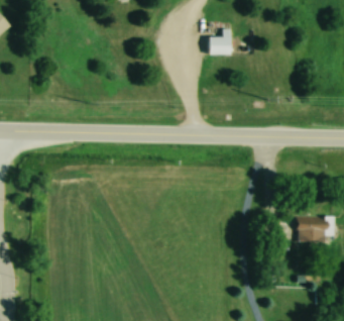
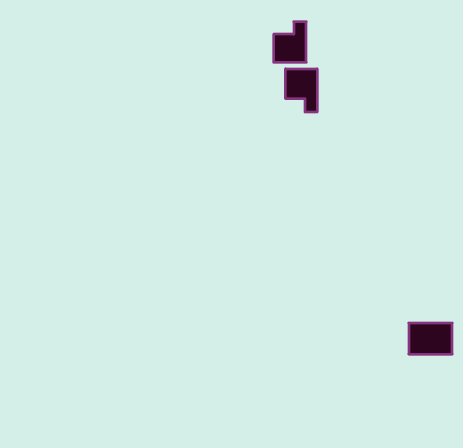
building: none -> [286,69,317,112]

